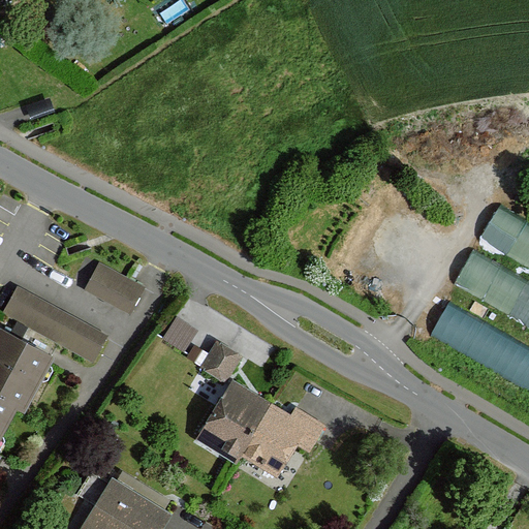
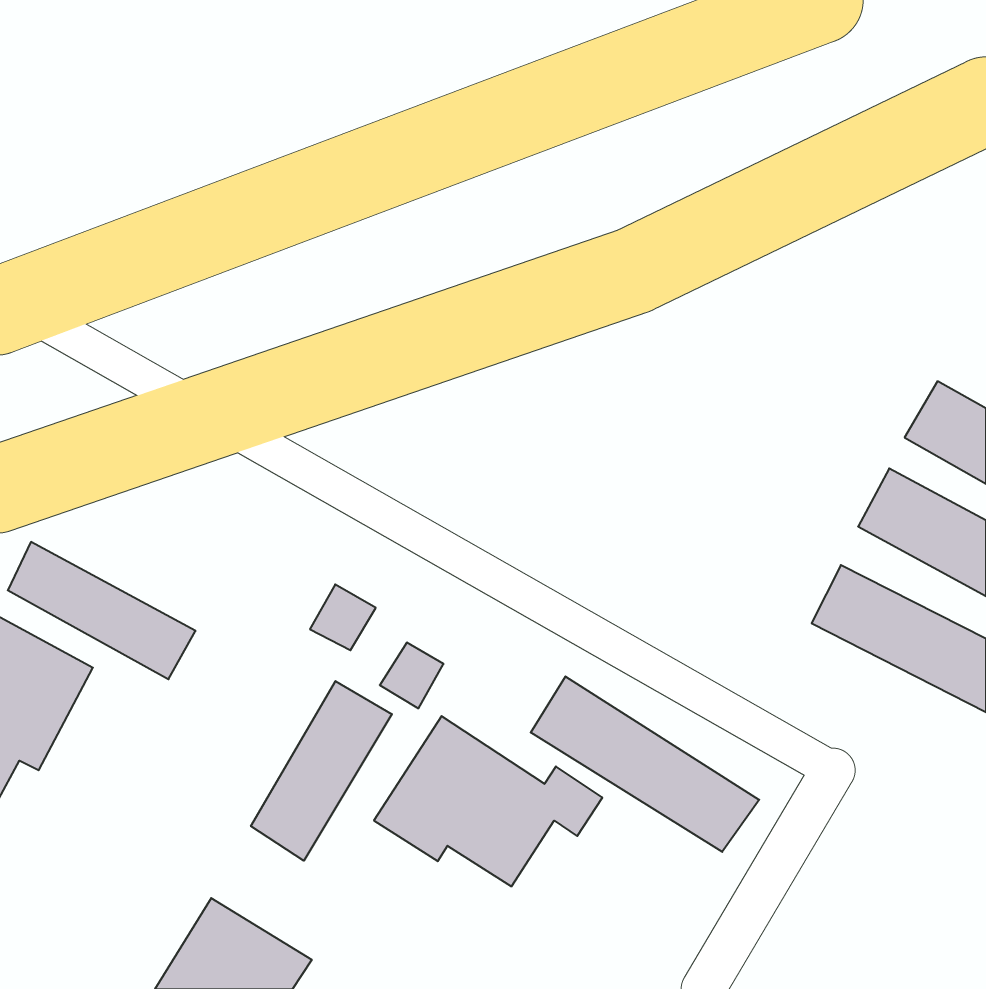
building: [86,266,145,314] -> none
building: none -> [531,676,759,852]
building: none -> [251,681,392,861]

